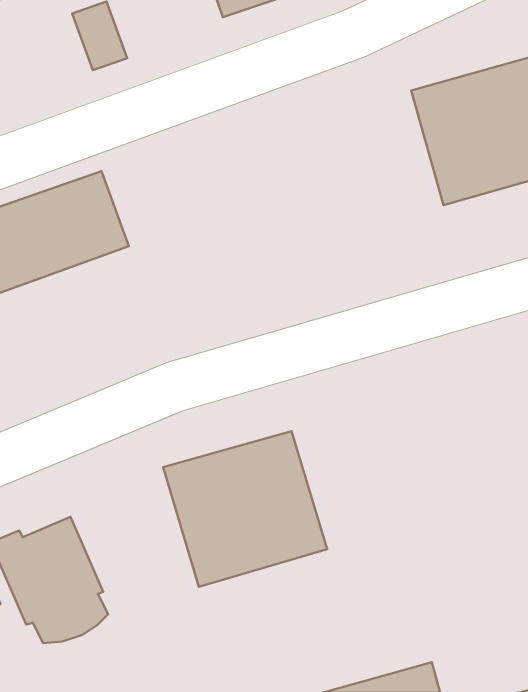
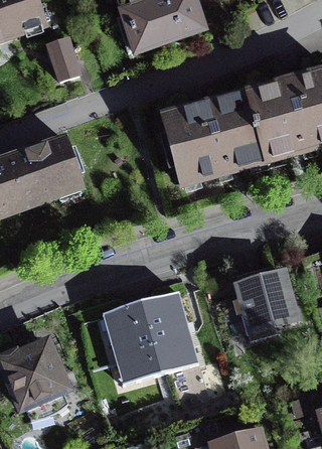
building: none -> [162,92,267,183]
building: none -> [236,266,295,338]

